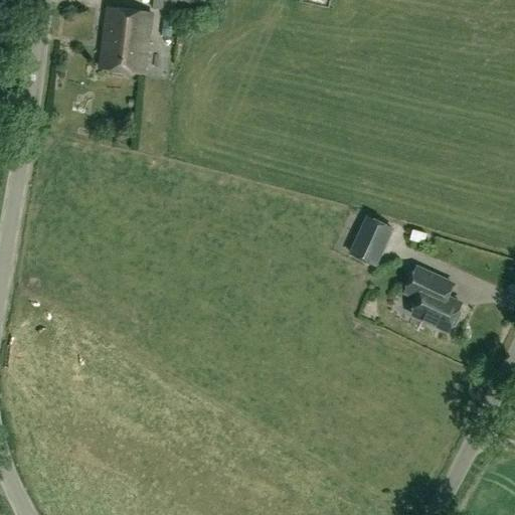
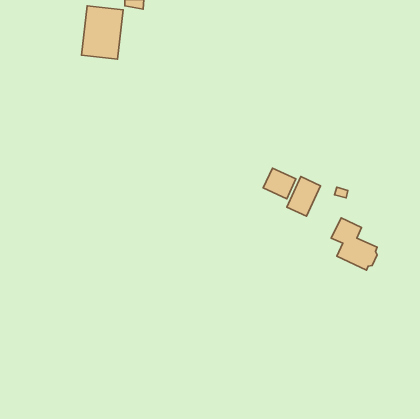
building: none -> [263,168,296,199]

